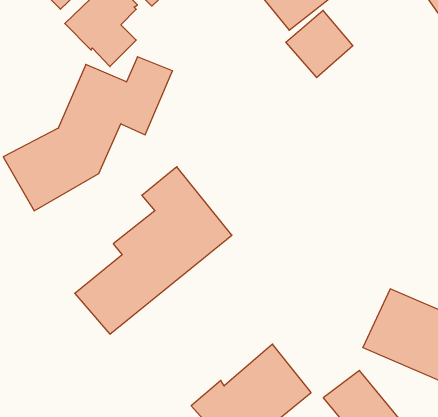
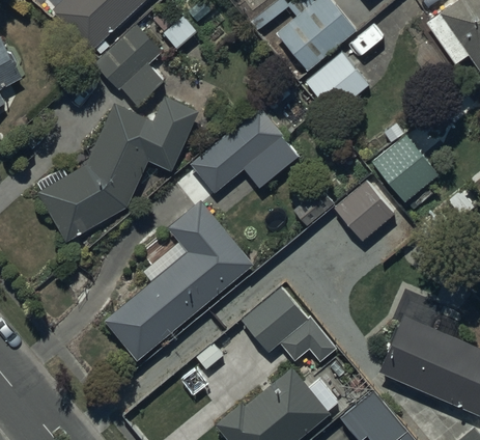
building: none -> [189,110,297,195]
building: none -> [371,123,437,202]
building: none -> [333,182,394,242]
building: none -> [242,287,333,362]

